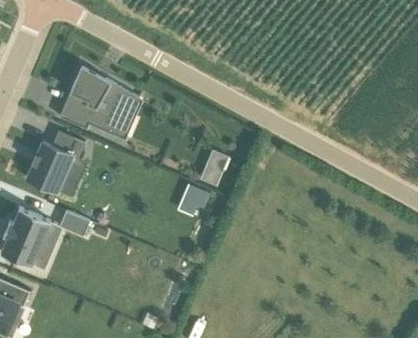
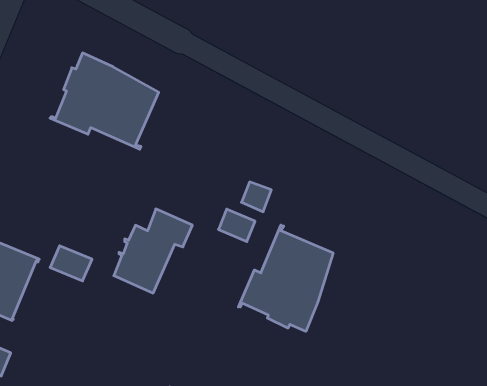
building: [27,130,85,192] -> [114,209,192,293]
building: none -> [238,225,333,331]

